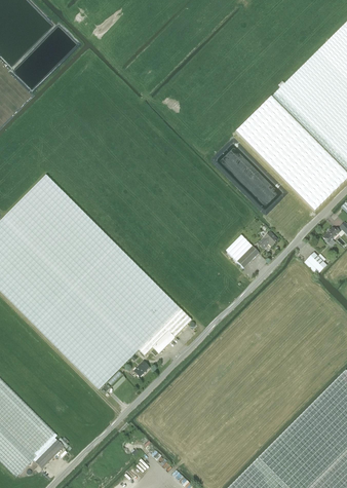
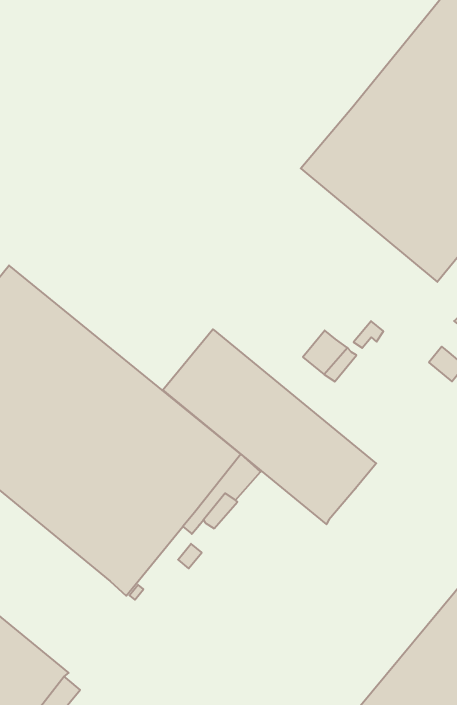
building: none -> [163,329,376,524]

